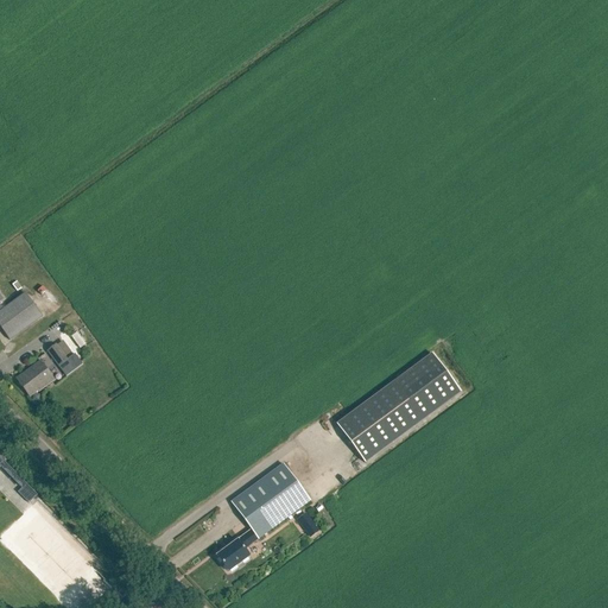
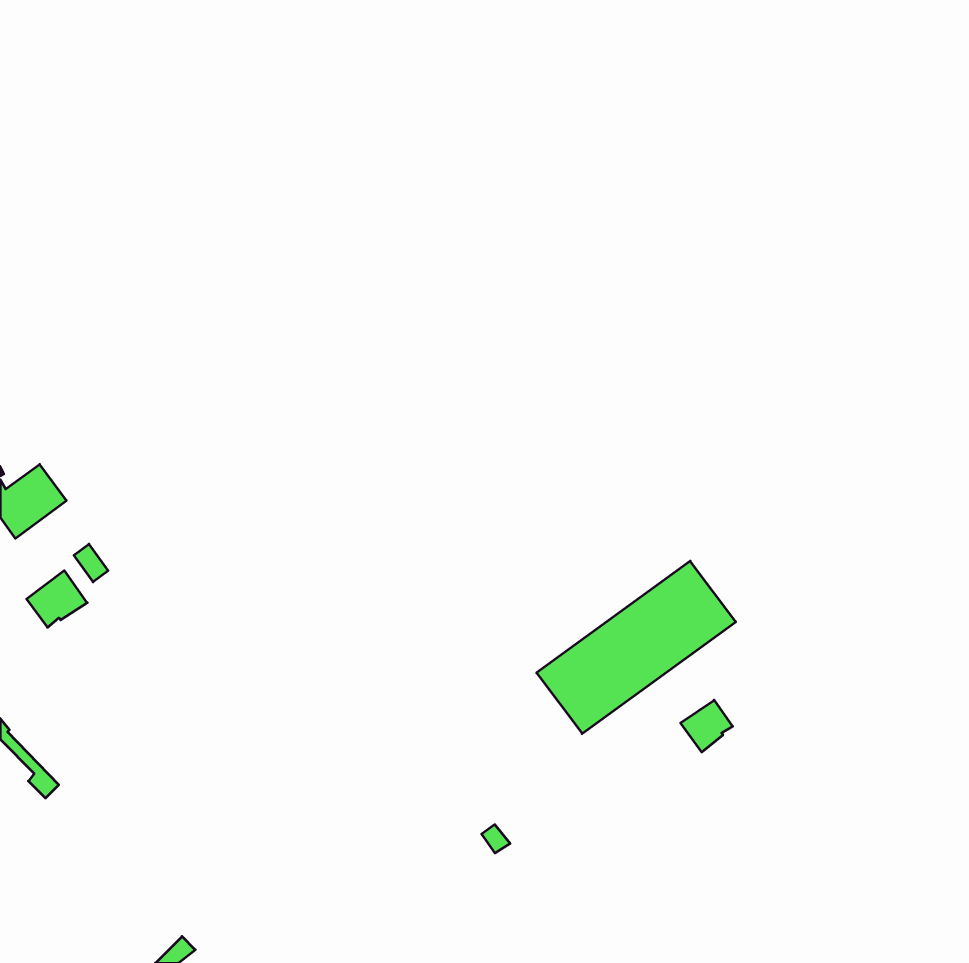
building: none -> [681,700,733,752]
building: [216,461,310,569] -> none

